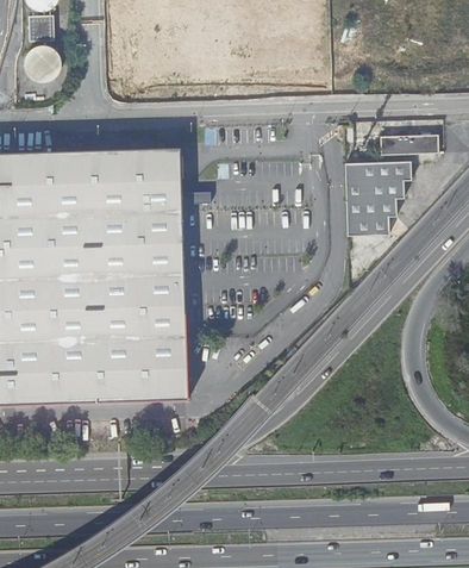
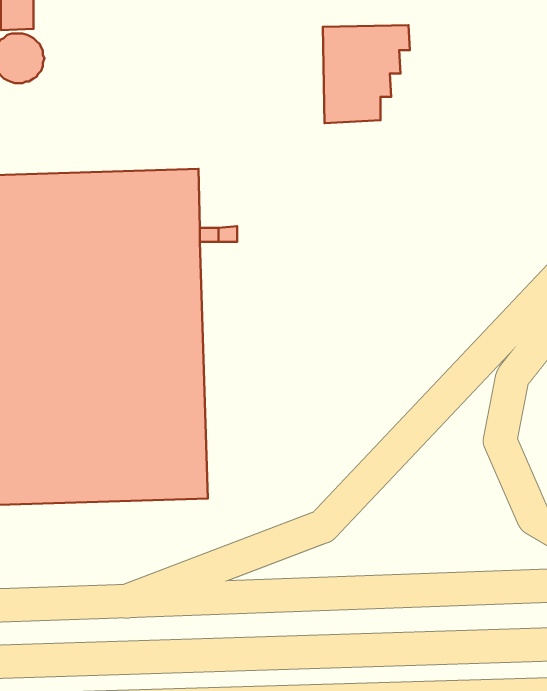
building: [379,133,438,155] -> none
building: [344,161,411,236] -> [323,25,410,123]

